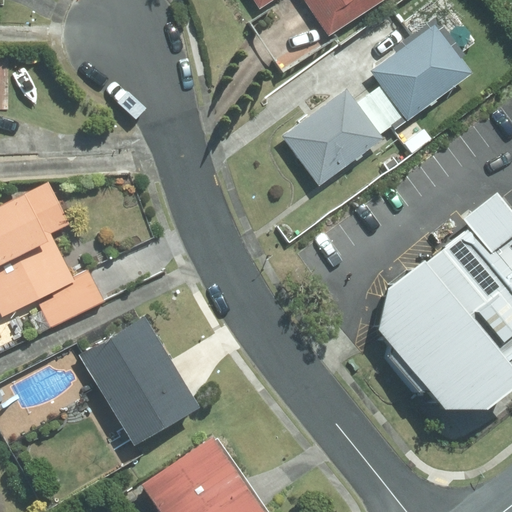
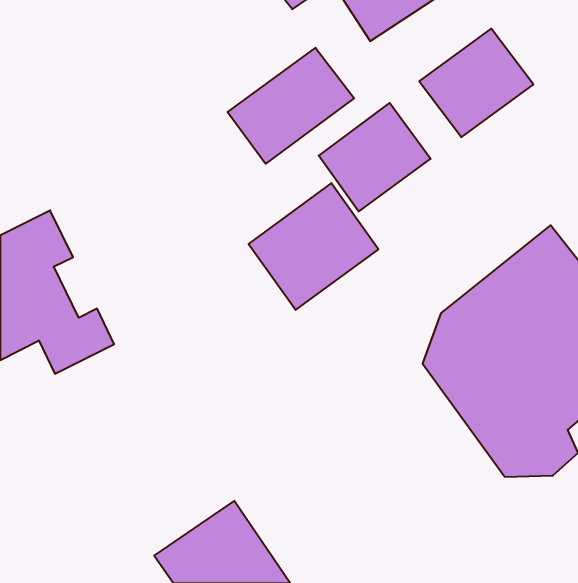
building: none -> [228,48,354,164]
building: none -> [249,183,378,310]
building: [79,317,197,445] -> none

